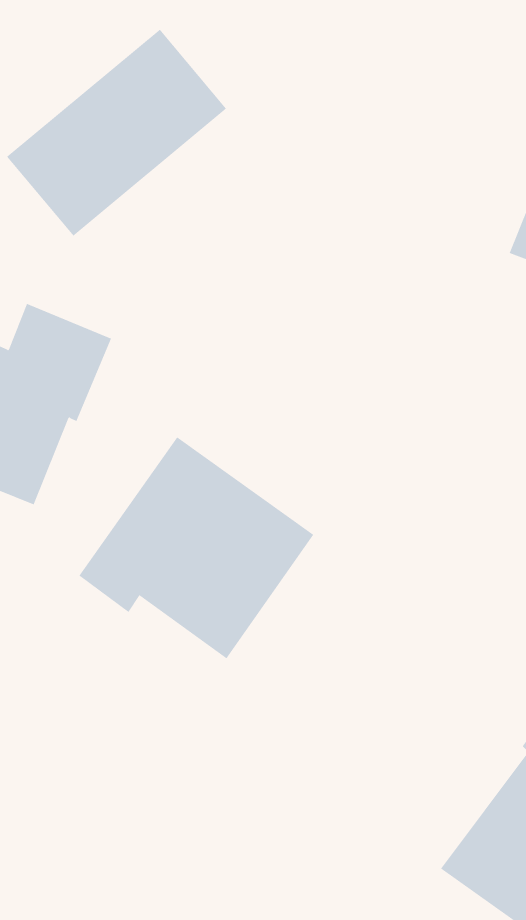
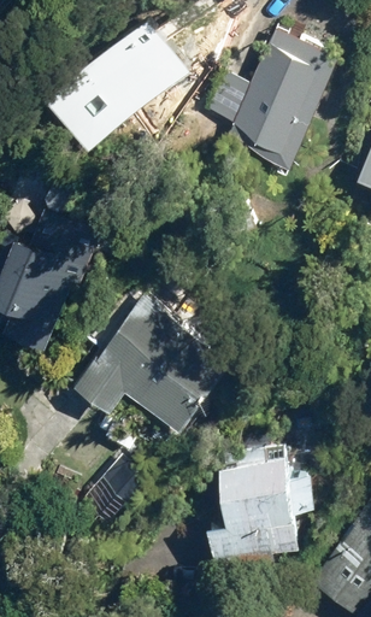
building: none -> [208,31,336,169]
building: none -> [194,456,314,568]

